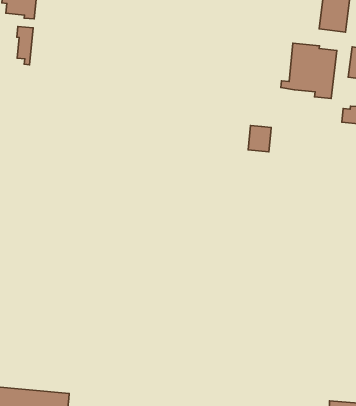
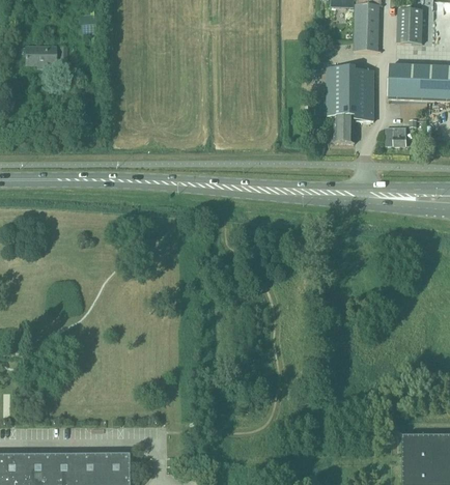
building: [17,26,33,65] -> none
building: [248,125,271,152] -> [334,115,356,141]

